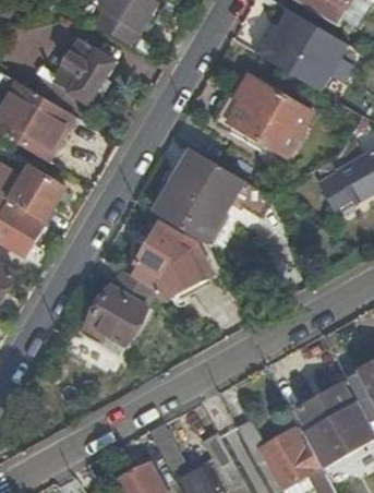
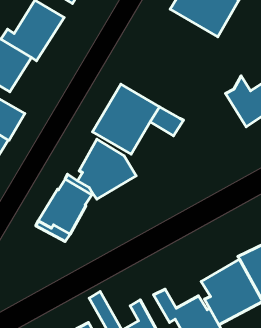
building: [214,73,313,163] -> none

